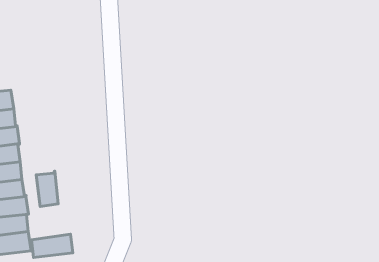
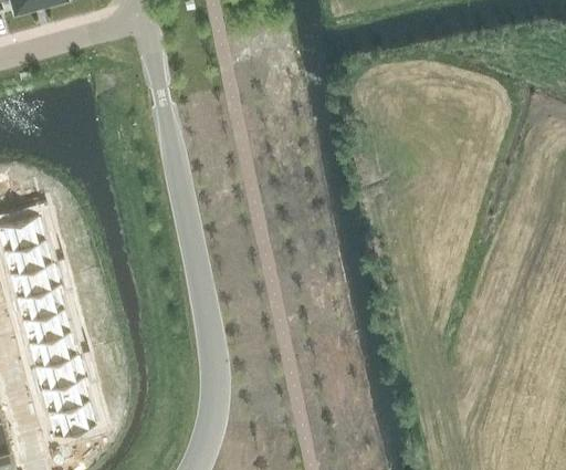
building: [36,171,58,207] -> none
building: [32,234,73,257] -> none

